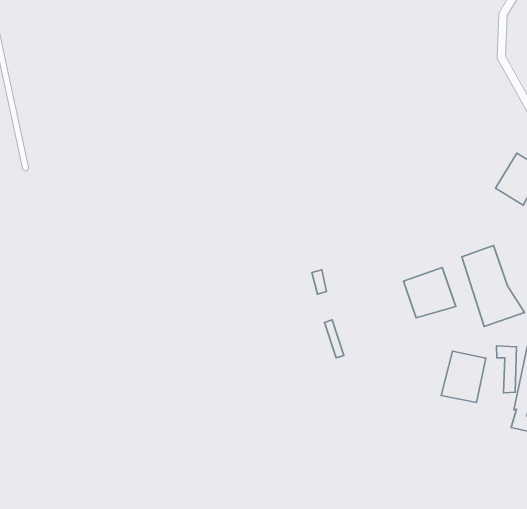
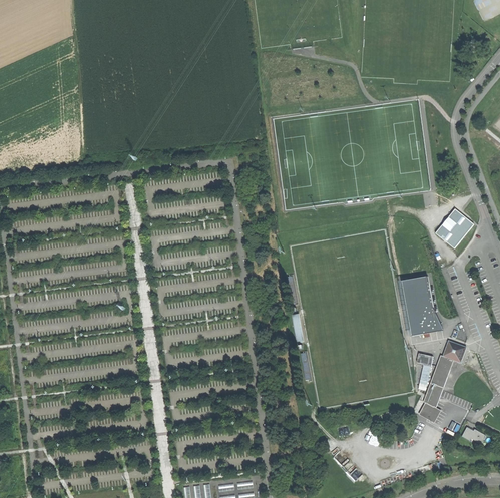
building: [403,268,456,318] -> none
building: [441,351,486,403] -> none

